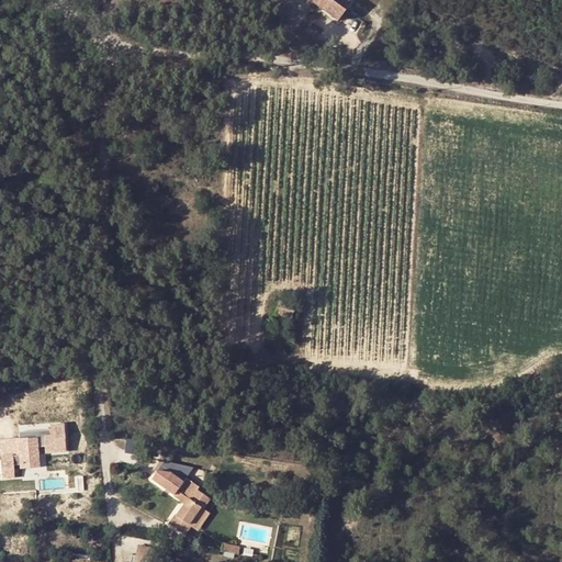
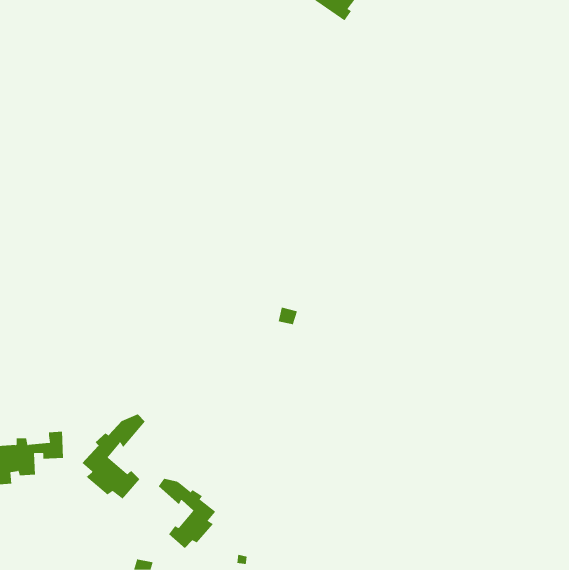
building: none -> [81,414,145,499]

